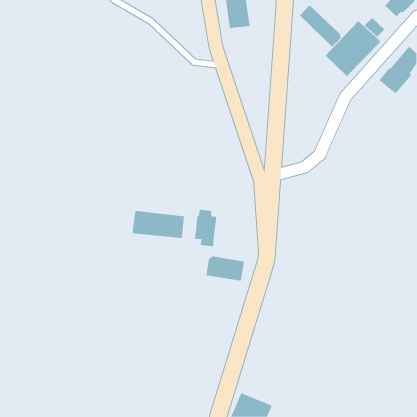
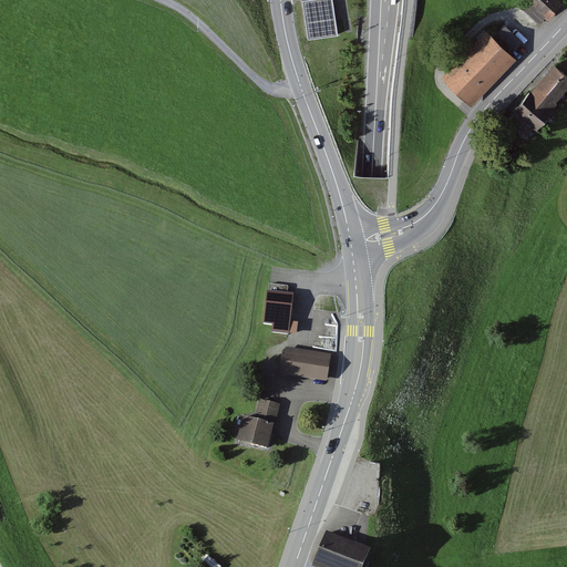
building: [299,4,341,47] -> none
building: [132,210,185,239] -> none
building: none -> [238,400,280,447]

